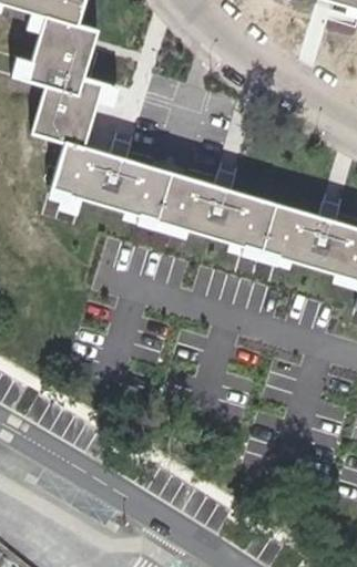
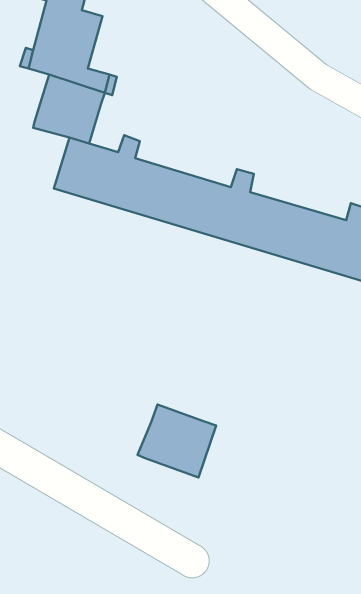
building: none -> [138,404,216,477]

